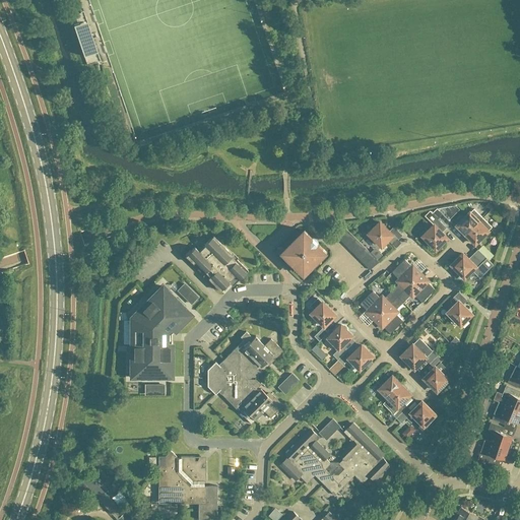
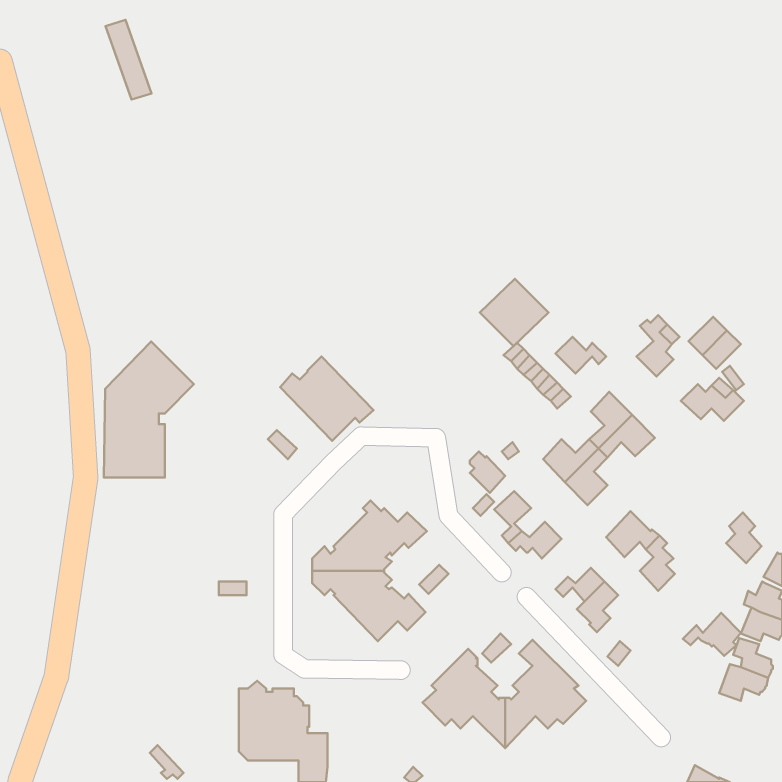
building: [281,232,327,276] -> [480,279,549,346]
building: [131,287,191,378] -> [104,341,194,478]
building: [448,292,471,326] -> [726,513,761,563]
building: [396,402,435,431] -> [683,613,741,656]

